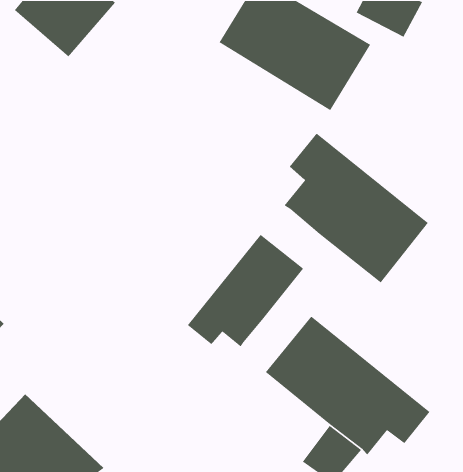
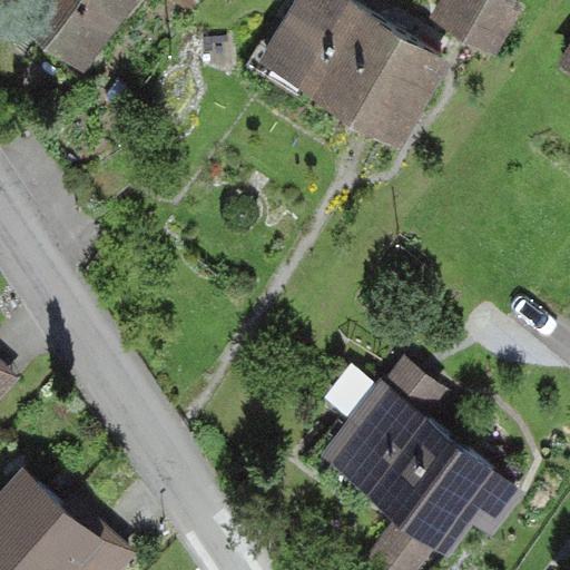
building: [284,132,429,283] -> none
building: [187,234,304,347] -> none

